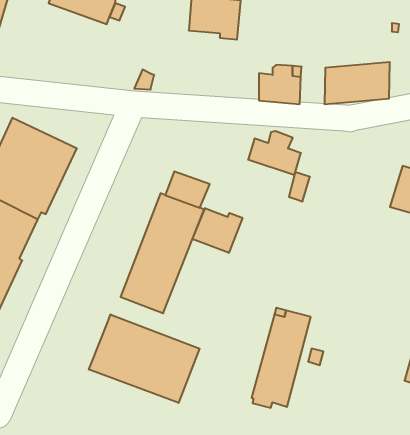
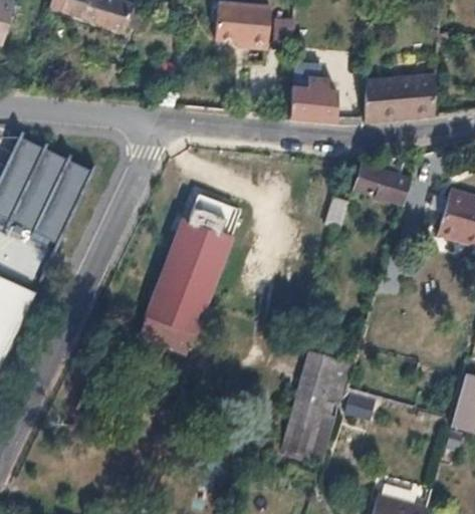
building: [248,131,301,175] -> [351,157,410,205]
building: [193,208,242,253] -> none
building: [89,314,200,403] -> none

